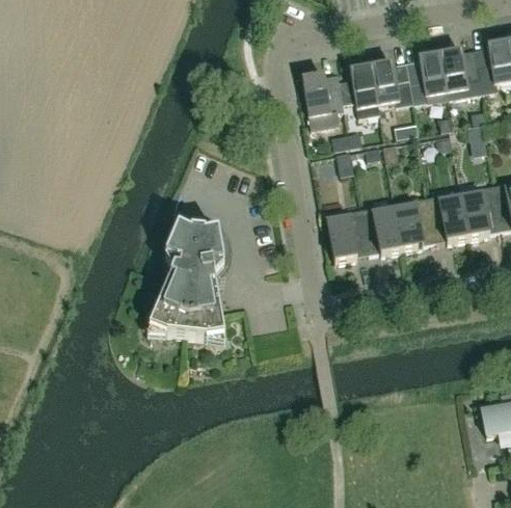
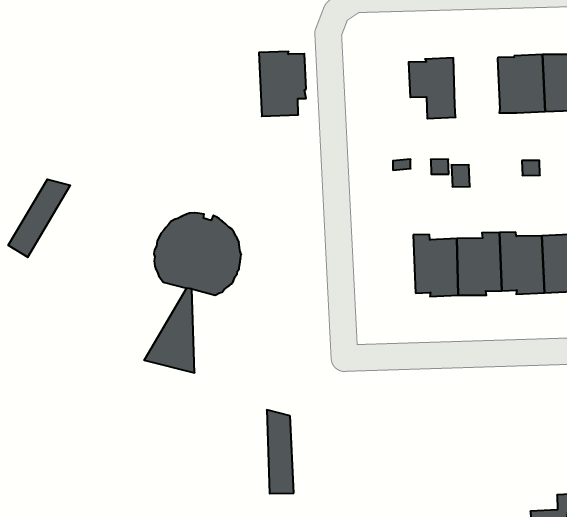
building: [371,62,412,105] -> none
building: [301,75,343,128] -> [259,52,306,116]
building: [326,208,368,262] -> none
building: [149,272,190,335] -> [8,179,70,257]
building: [194,274,224,339] -> [267,410,294,494]

